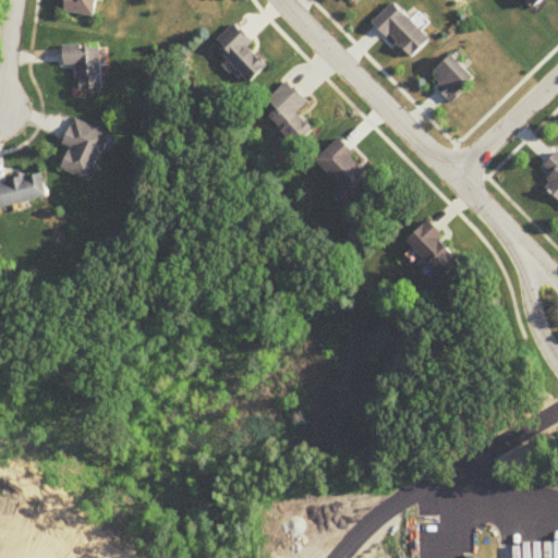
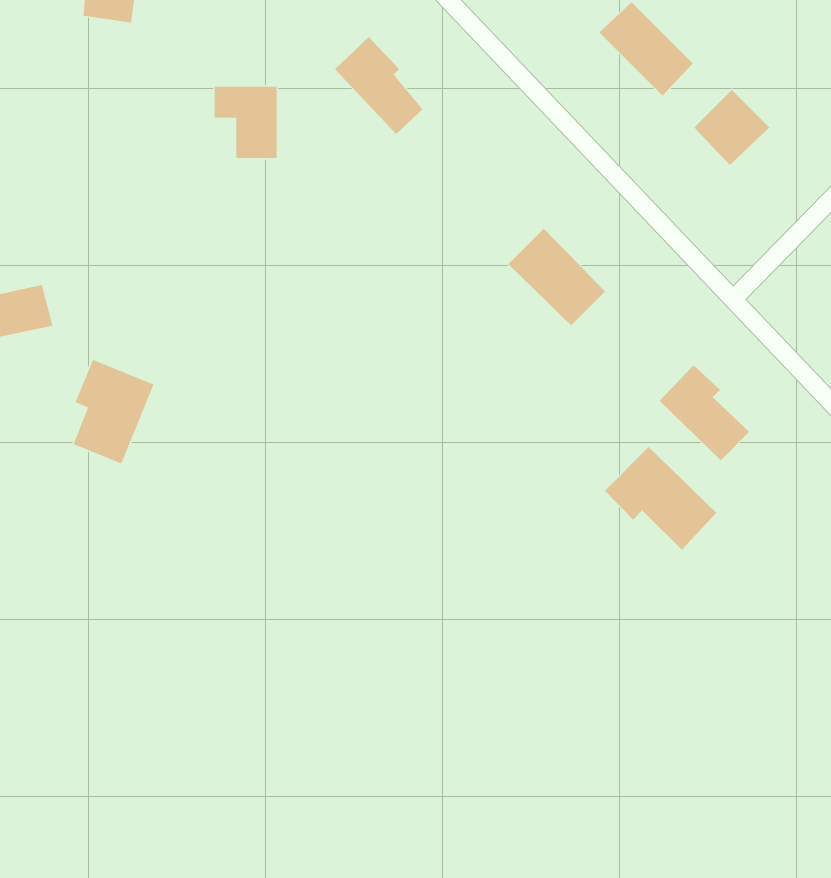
building: [59,46,97,89] -> [214,86,278,159]
building: [267,80,312,144] -> none
building: [58,117,107,180] -> [73,359,155,464]
building: none -> [604,446,717,550]

